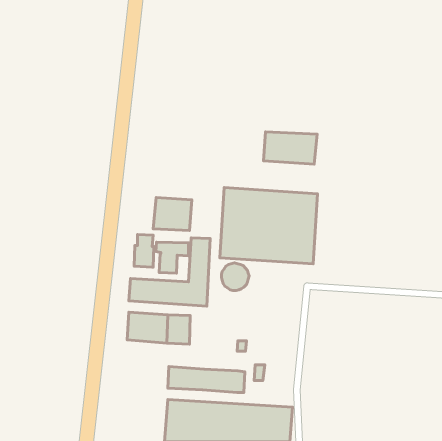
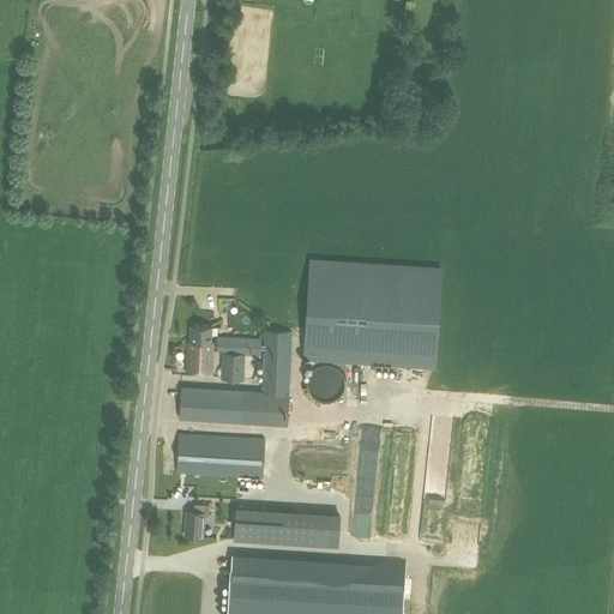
building: [263,132,317,164] -> none
building: [153,197,192,231] -> none
building: none -> [186,506,209,537]

